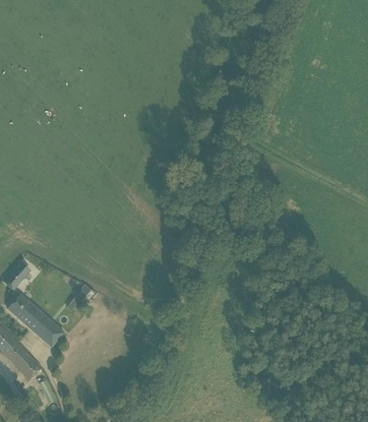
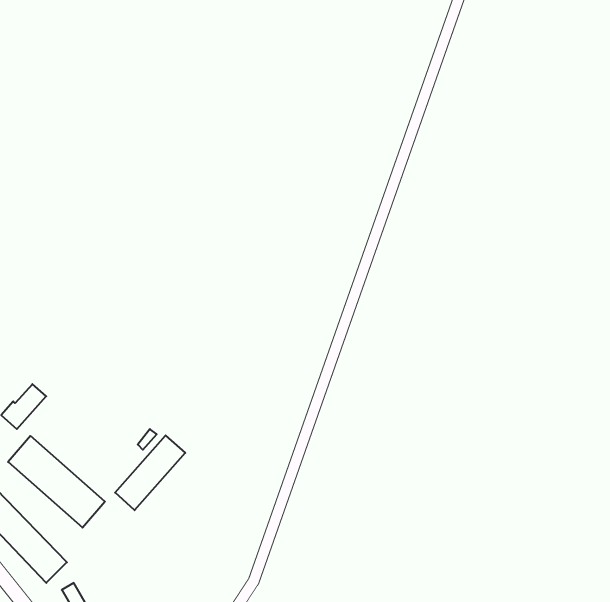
building: none -> [115,435,185,510]

